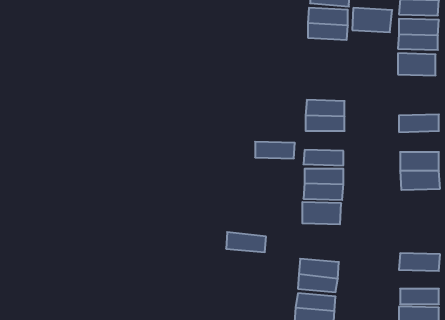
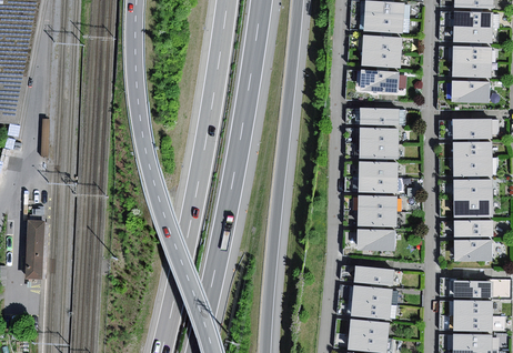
building: [352,8,392,32] -> [359,69,399,93]
building: none -> [360,107,399,124]
building: none -> [452,119,492,138]
building: none -> [452,158,492,175]
building: [255,142,295,158] -> [358,161,398,178]
building: none -> [453,219,492,235]
building: none -> [453,240,491,261]
building: [226,232,266,252] -> [353,265,393,285]
building: none -> [453,300,492,315]

